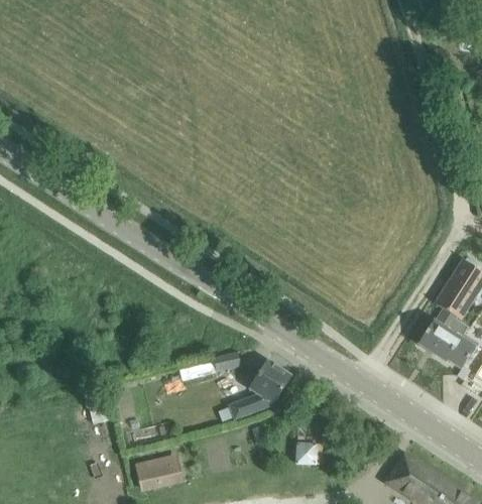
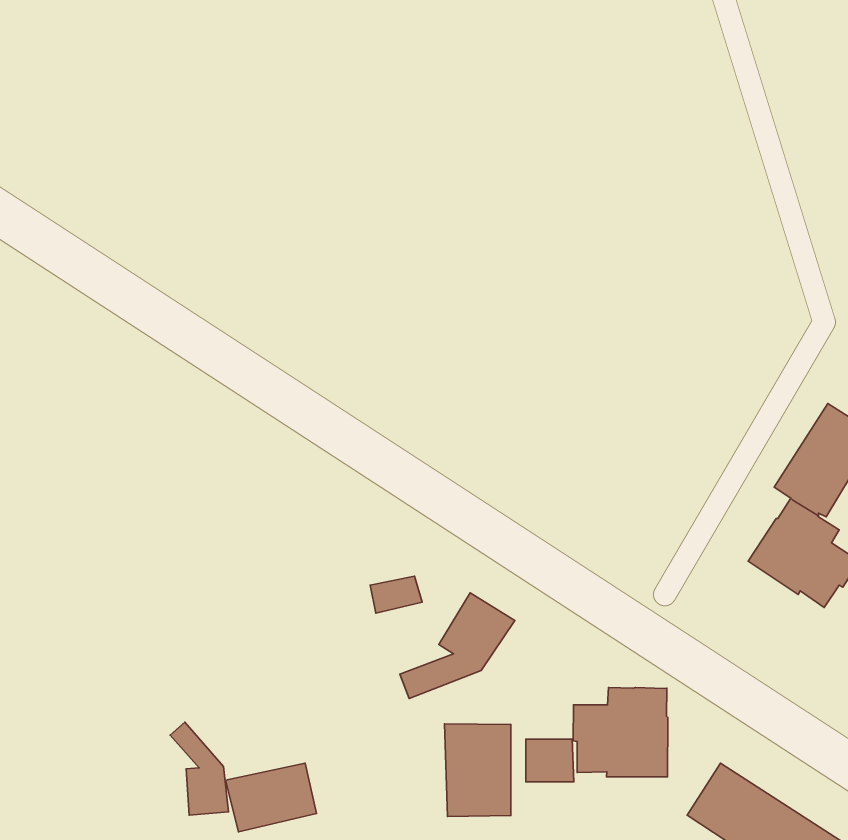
building: none -> [573,687,668,777]
building: none -> [170,722,228,815]
building: none -> [445,724,511,816]

